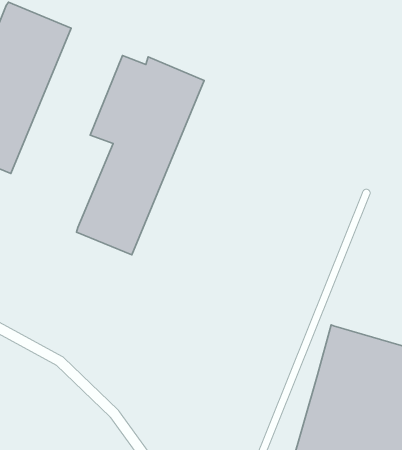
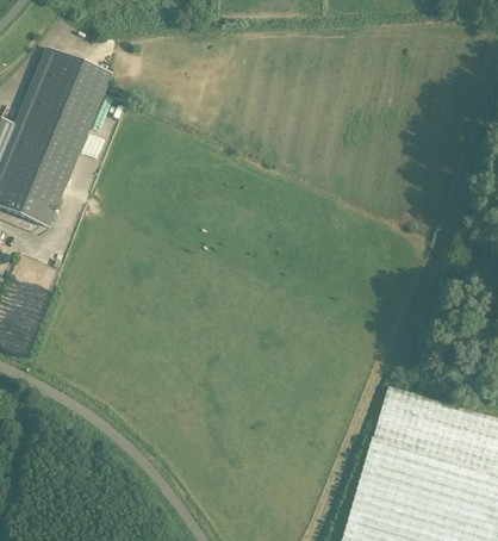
building: [76,55,204,255] -> none

